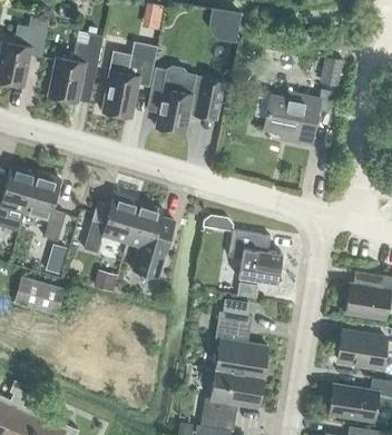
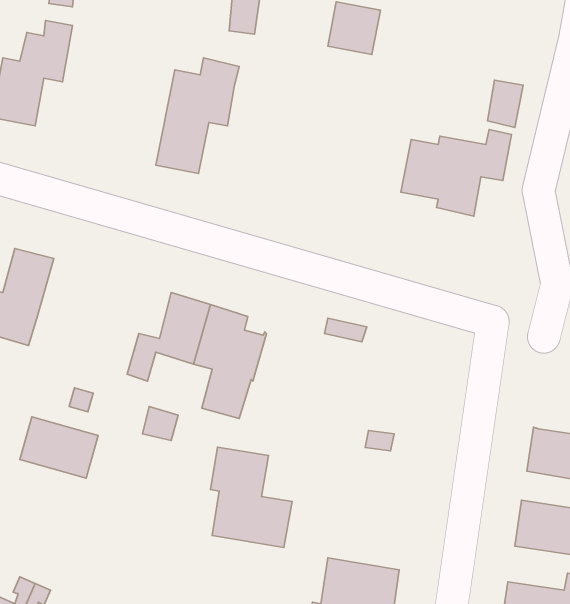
building: [48,33,102,101] -> none
building: [147,63,224,132] -> none
building: [24,172,66,240] -> none
building: [227,229,282,284] -> none
building: [214,310,267,376] -> [211,447,292,547]

